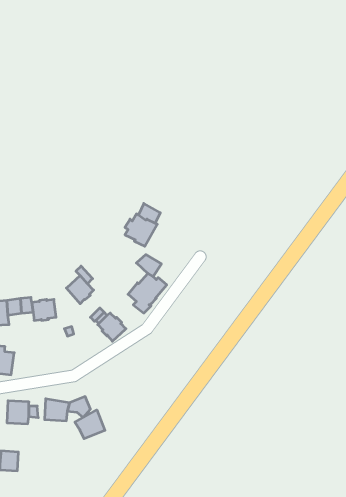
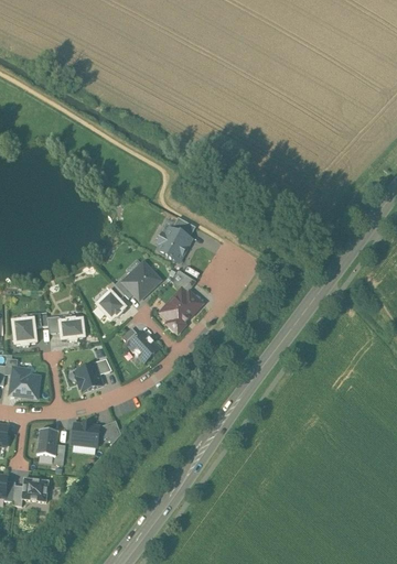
building: none -> [120,261,162,303]
building: none -> [75,360,105,391]
building: [75,410,105,439] -> none

